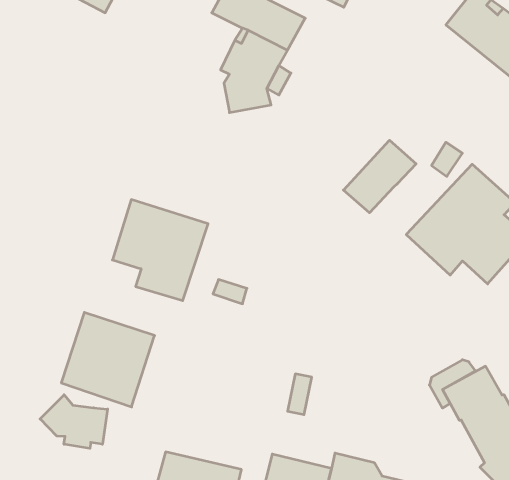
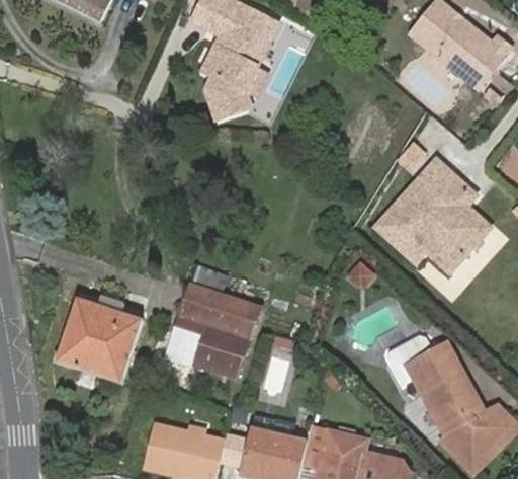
building: [343,140,416,213] -> none
building: [112,200,208,301] -> [173,285,261,378]
building: [40,395,108,448] -> none

